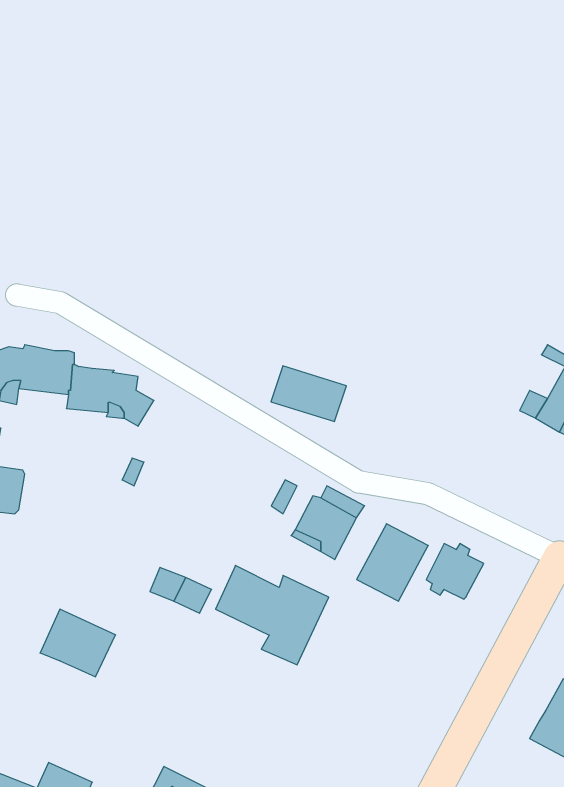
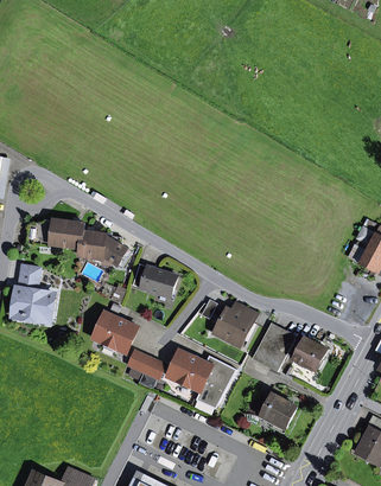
building: [271,366,346,422] -> [132,263,177,296]
building: [40,609,116,677] -> [93,312,138,352]
building: none -> [246,394,297,428]

